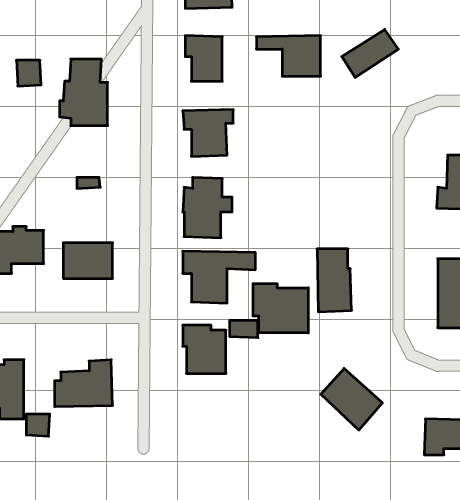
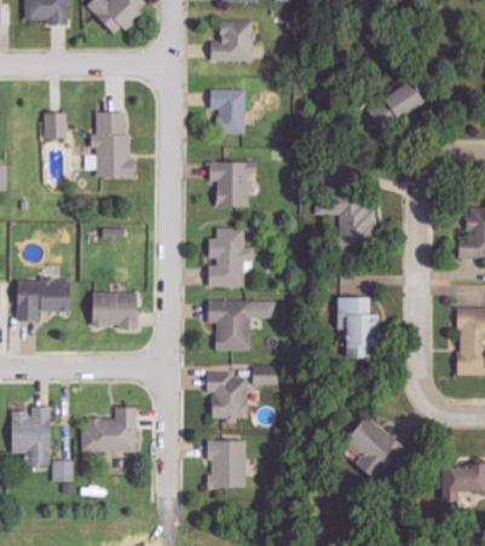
building: [256,36,321,76] -> [313,201,376,240]
building: [253,284,308,333] -> none
building: none -> [207,440,247,488]

